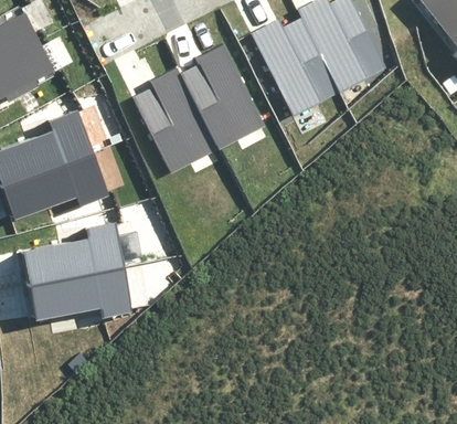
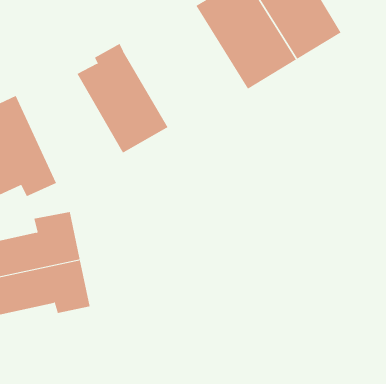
building: [180,44,267,148] -> none

